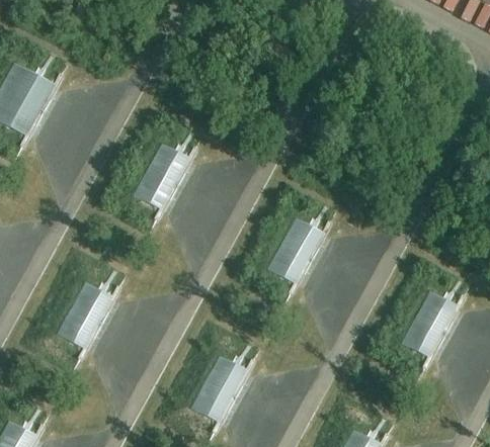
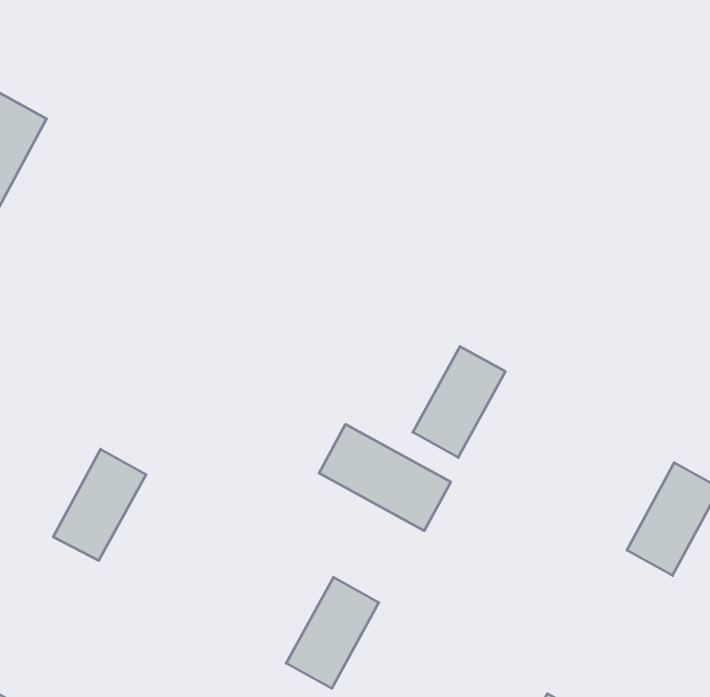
building: [132,143,187,209] -> none
building: none -> [319,424,451,531]

